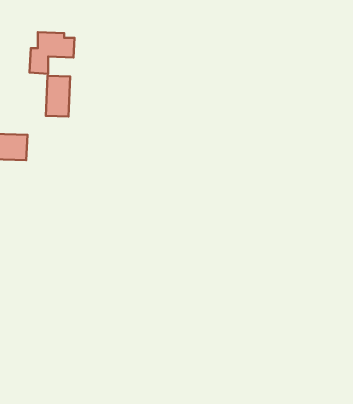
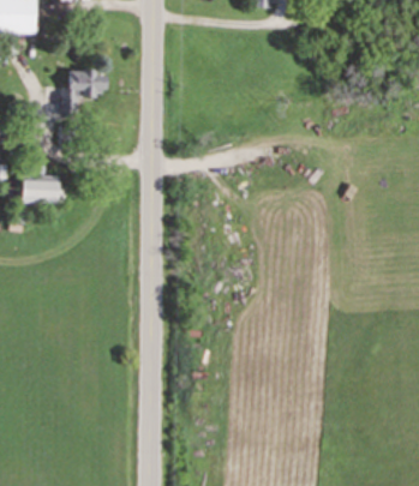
building: [46,76,70,117] -> none

